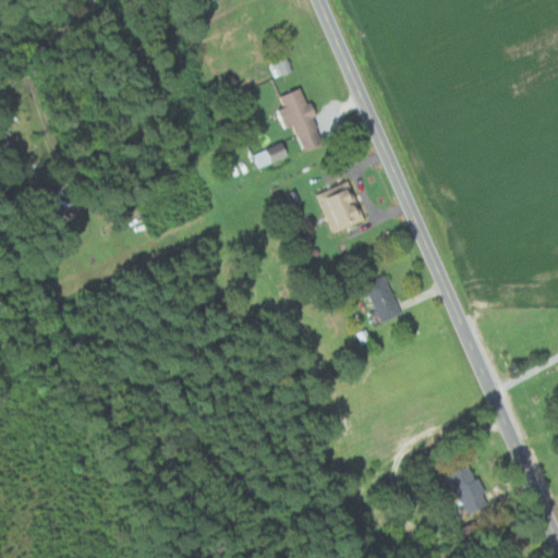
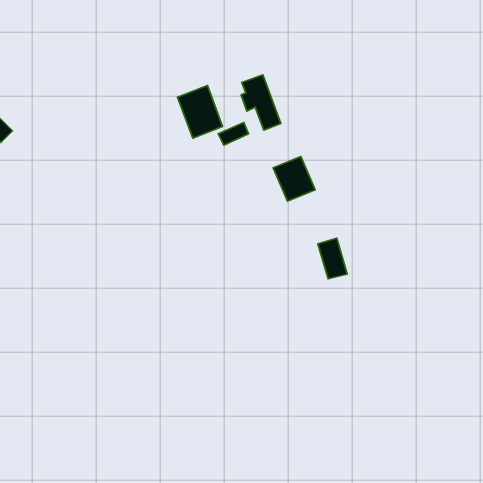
building: none -> [177,85,223,138]
building: [448,466,489,515] -> none

